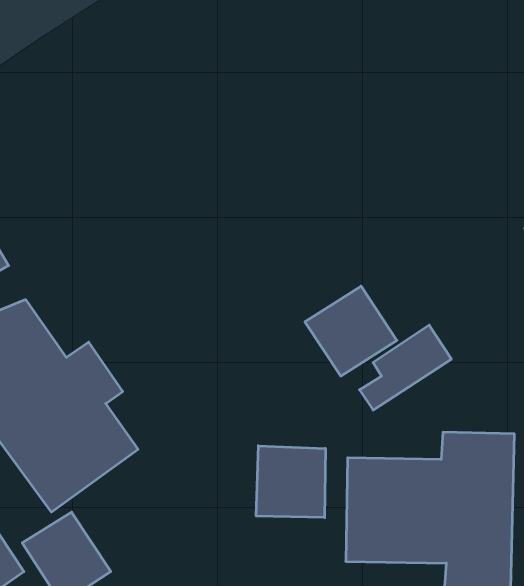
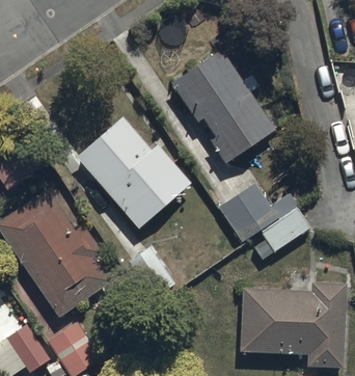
building: none -> [173,51,275,162]
building: none -> [78,115,187,226]
building: [256,446,325,518] -> none

